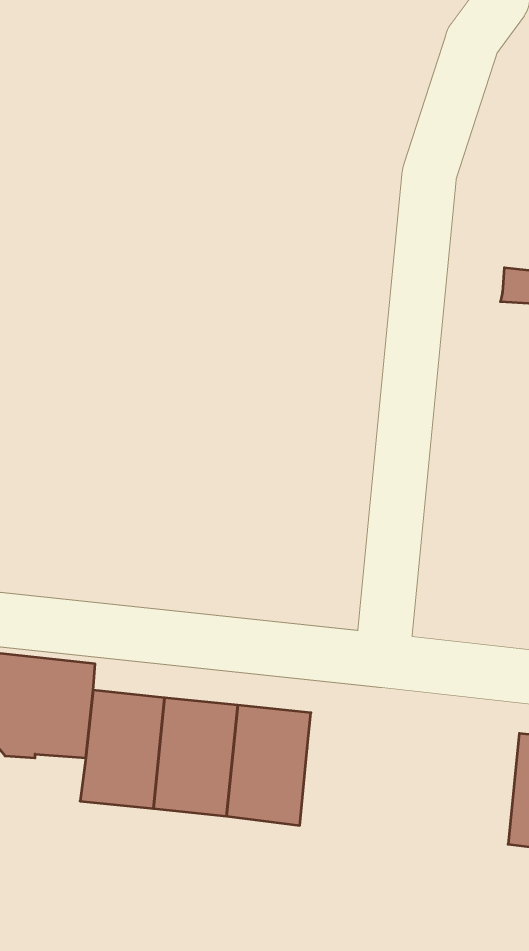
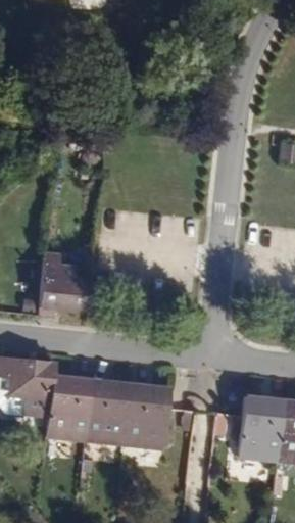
building: none -> [36,251,89,316]
building: none -> [239,395,285,460]

